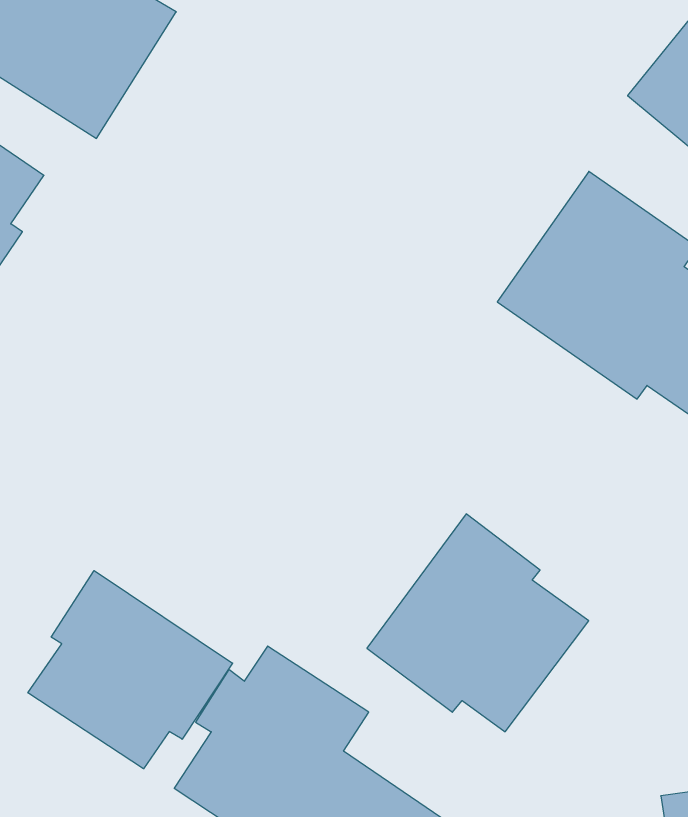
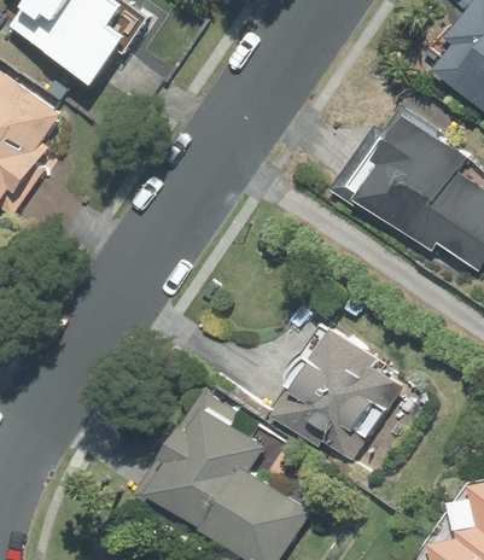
building: [28,571,233,769] -> none

